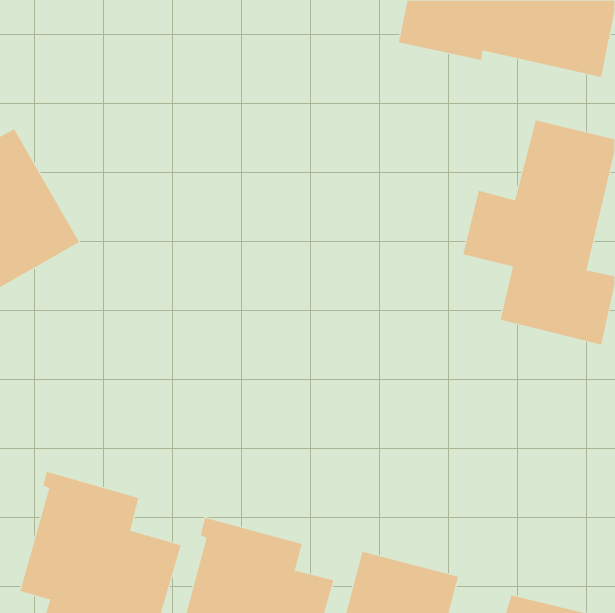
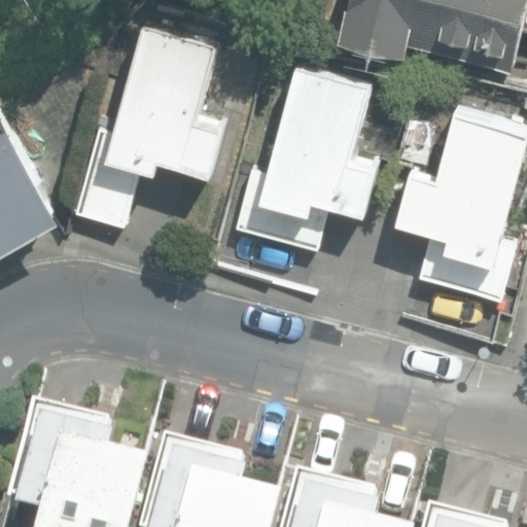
building: none -> [79,24,225,227]
building: none -> [239,63,379,251]

